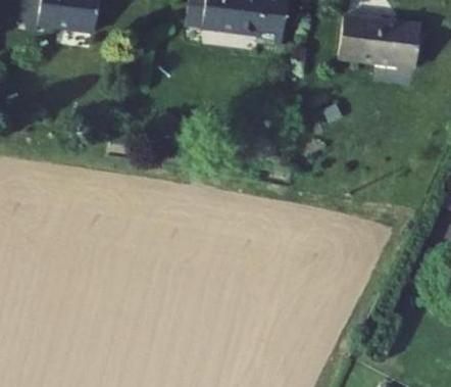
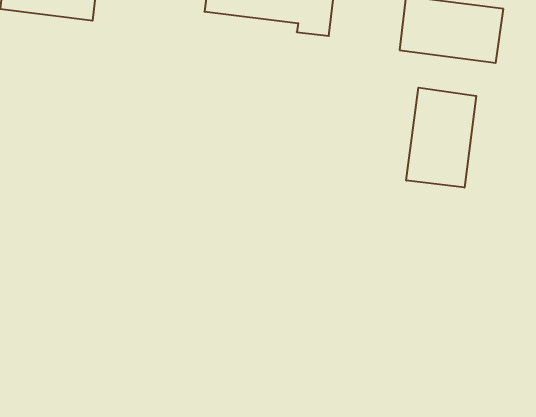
building: none -> [406,88,476,188]

